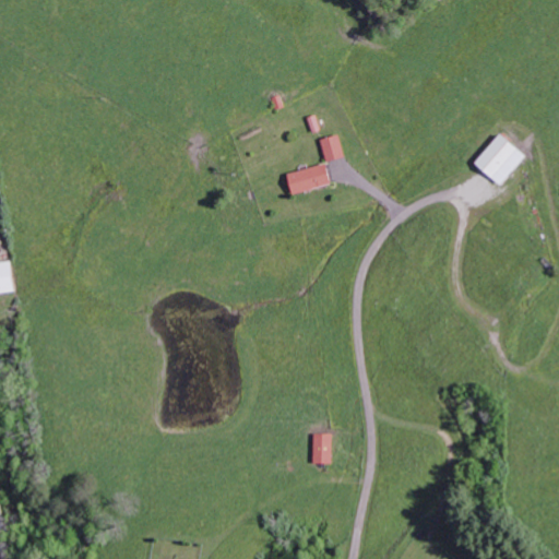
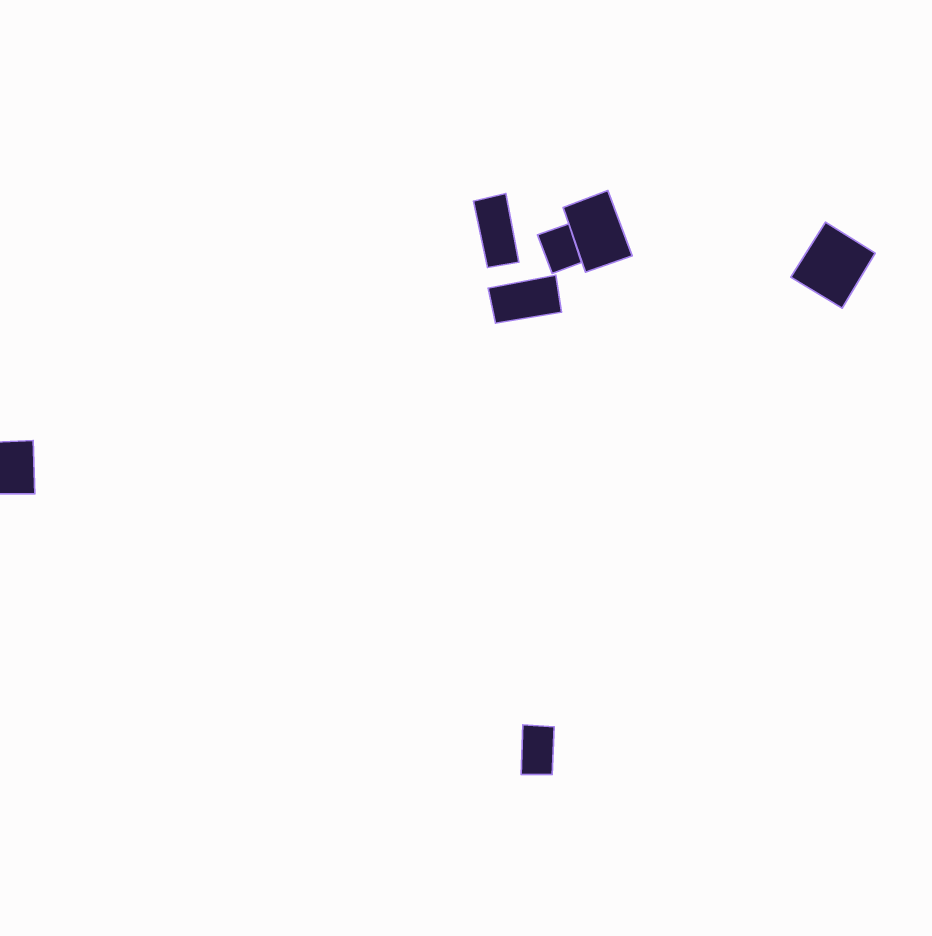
building: none -> [563,191,632,272]
building: none -> [474,194,519,268]

